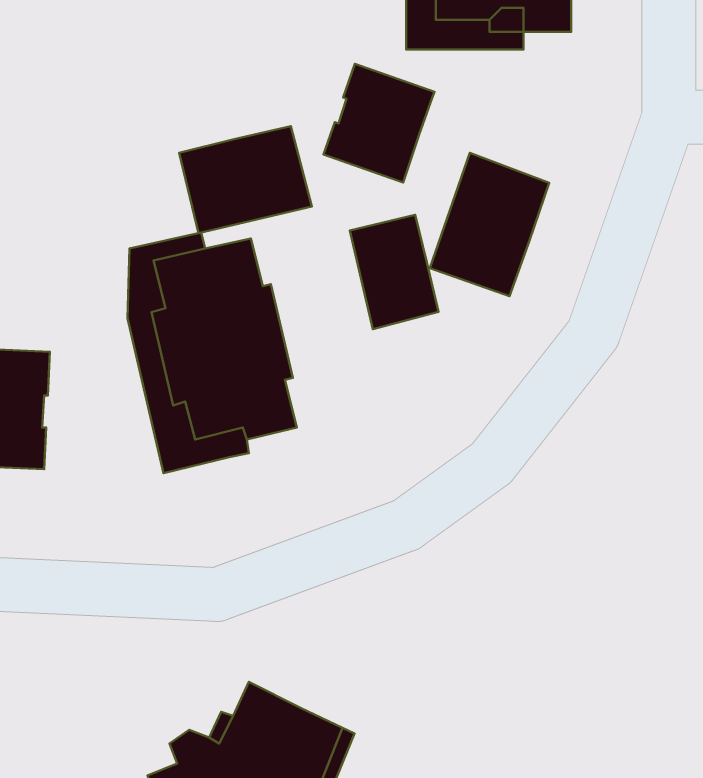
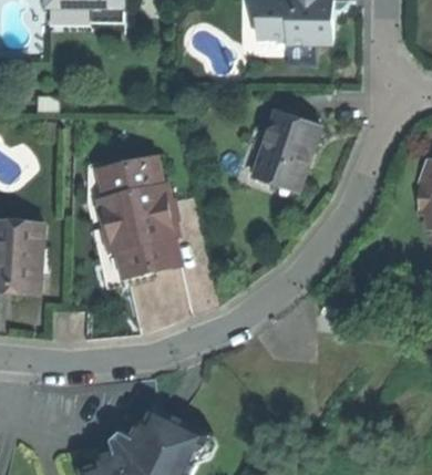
building: [324,64,435,182] -> none
building: [179,126,312,233] -> none
building: [350,215,438,329] -> none

